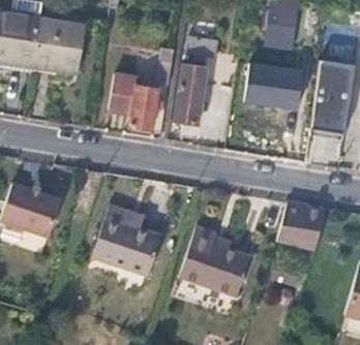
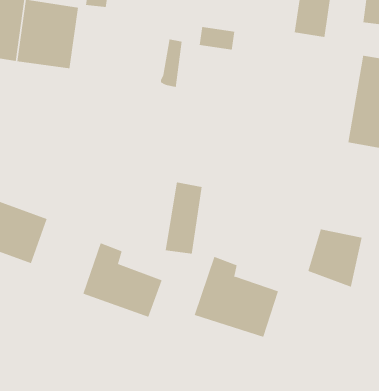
building: [174,65,205,125] -> [165,182,202,254]
building: [257,71,293,108] -> none
building: [107,75,158,129] -> none

